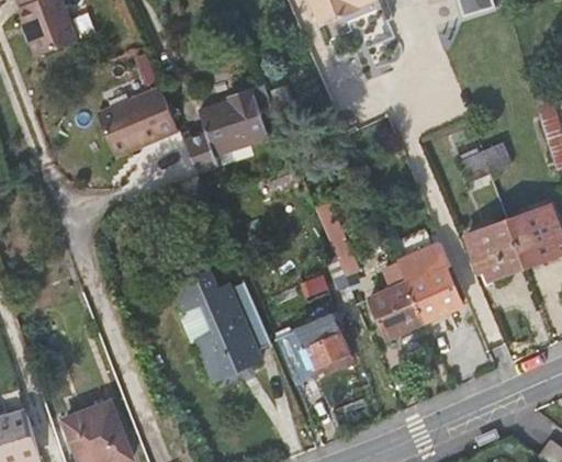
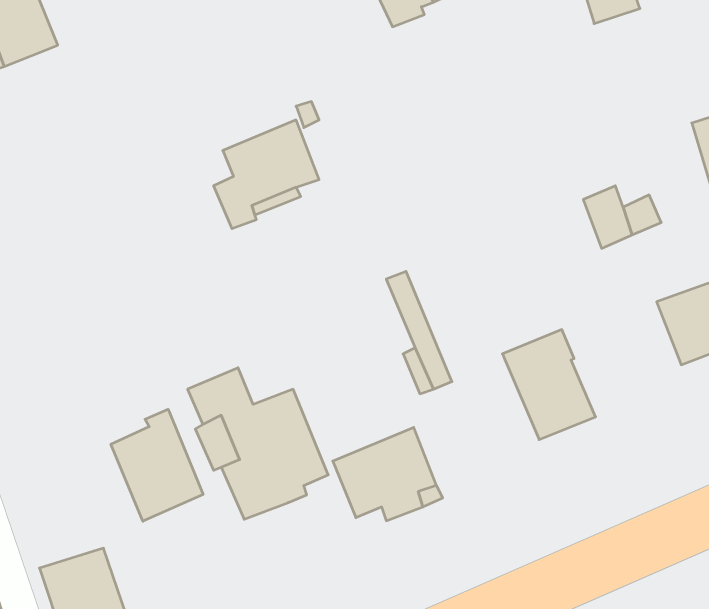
building: [98,84,180,156] -> none
building: [467,222,526,280] -> none
building: [370,261,424,336] -> none
building: none -> [111,409,203,521]

